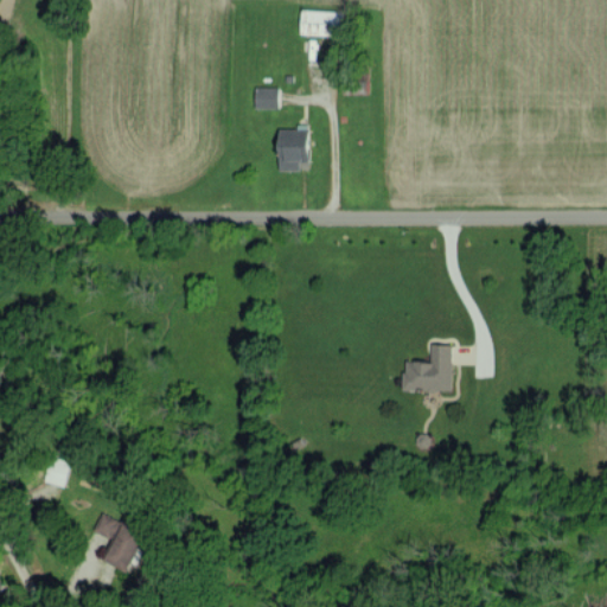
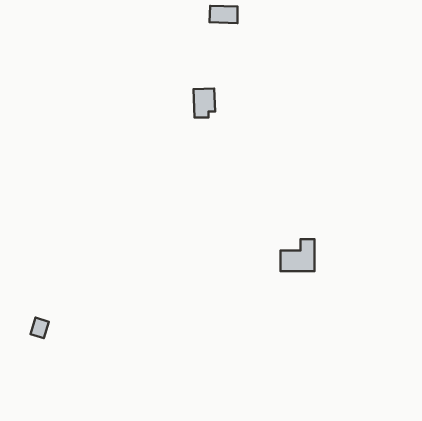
building: [254,88,277,109] -> none
building: [92,513,145,573] -> none

